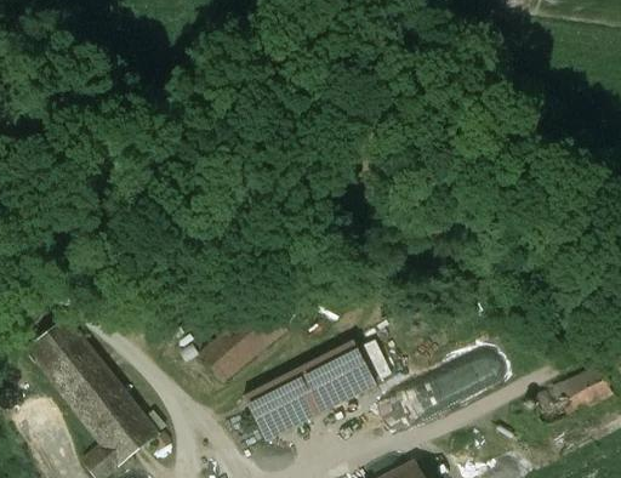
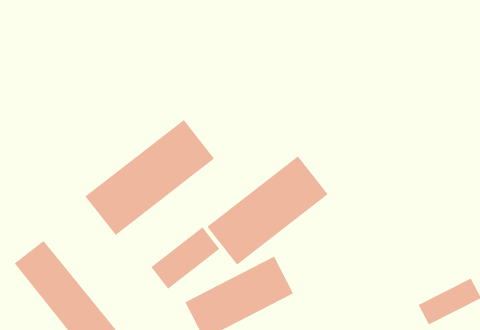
building: none -> [85,119,215,236]
building: none -> [207,155,329,266]

